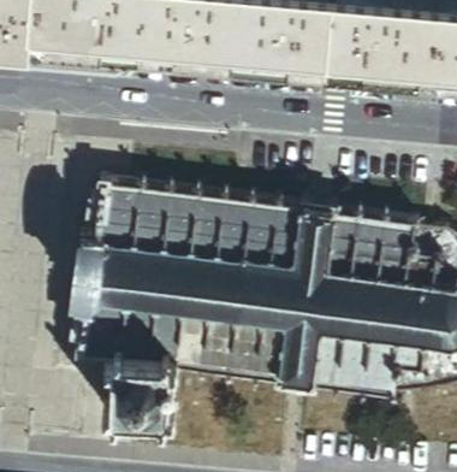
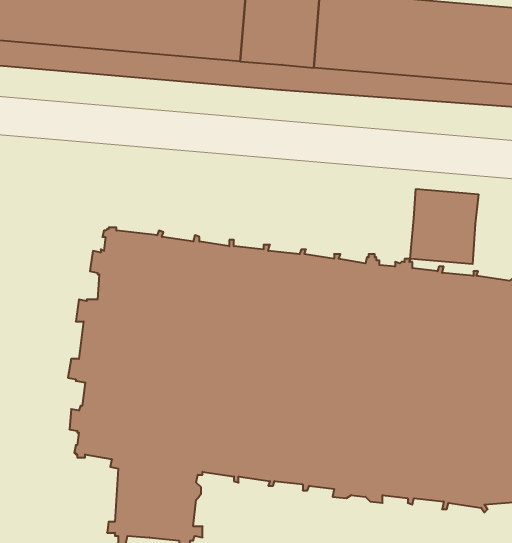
building: none -> [410,189,478,264]

